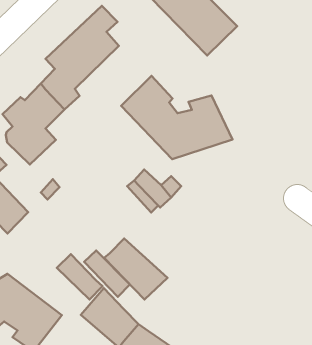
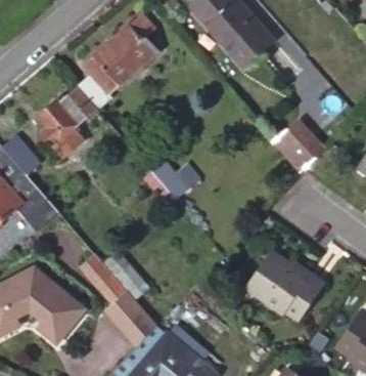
building: [121,76,232,159] -> none
building: none -> [272,120,325,176]
building: [104,239,168,300] -> none
building: none -> [244,251,318,317]

